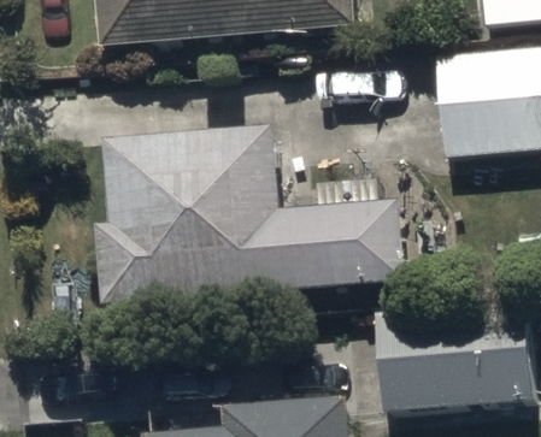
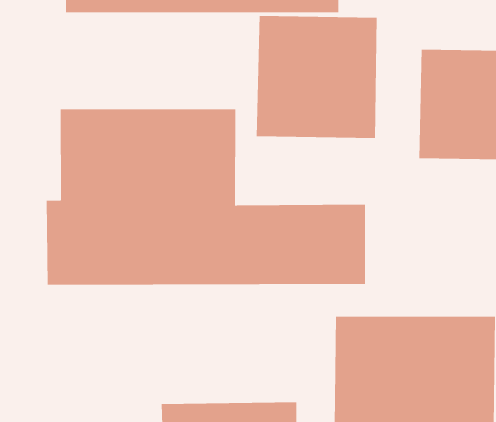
building: none -> [256,15,377,139]

